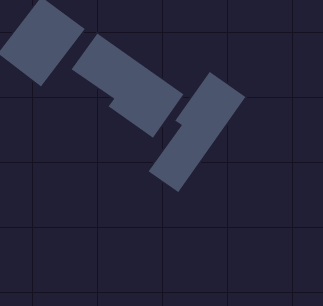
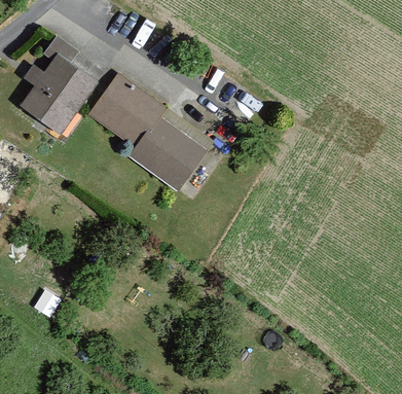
building: [147,71,246,193] -> none

